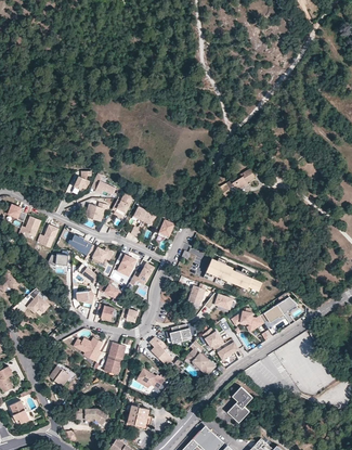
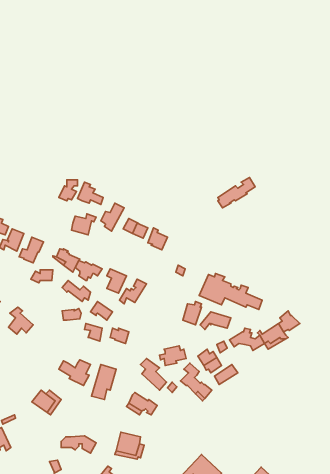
building: [227,386,252,423] -> none

